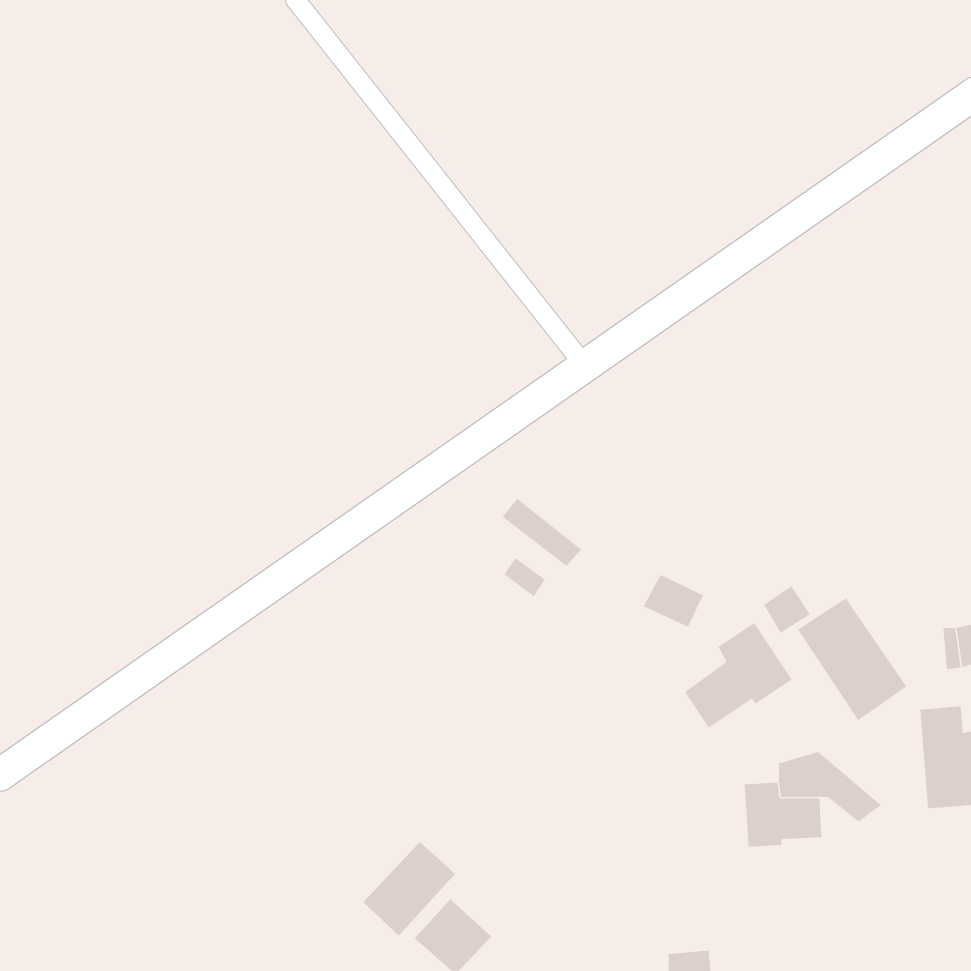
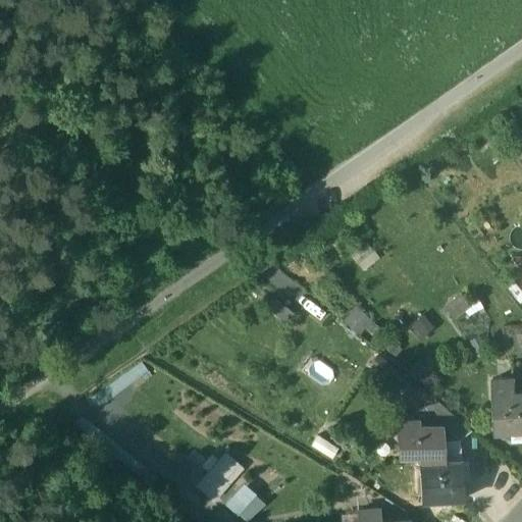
building: [797,597,907,721] -> none
building: [684,622,792,728] -> none
building: none -> [420,450,468,503]

